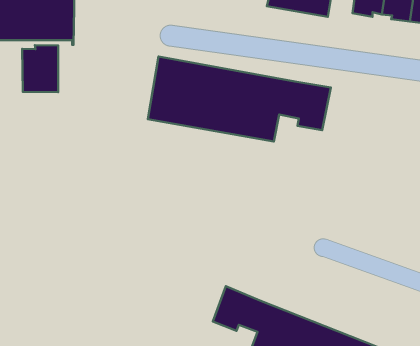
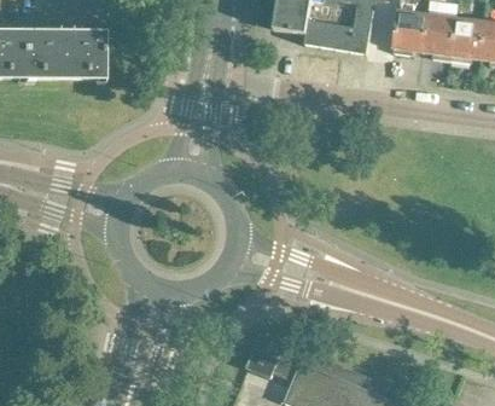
building: [22,45,58,92] -> none
building: [148,56,331,142] -> none

